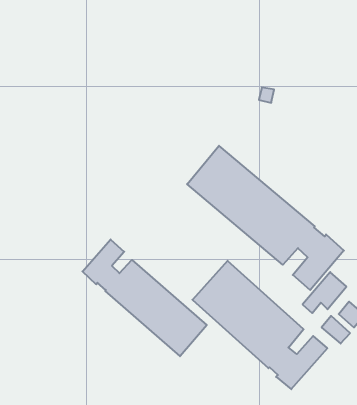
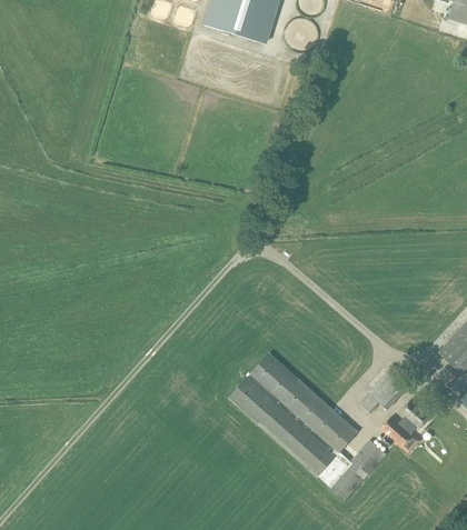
building: [187,146,344,290] -> none
building: [82,239,207,356] -> none

